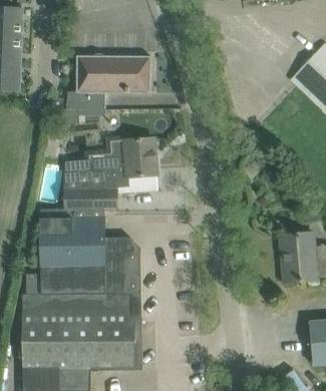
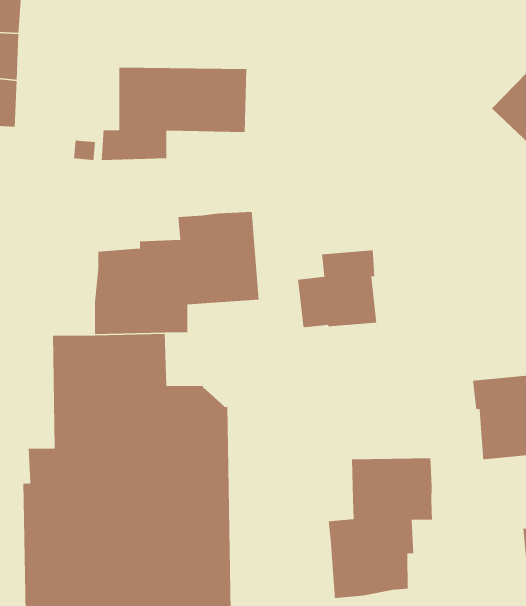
building: none -> [297,250,377,328]
building: none -> [328,458,433,599]

